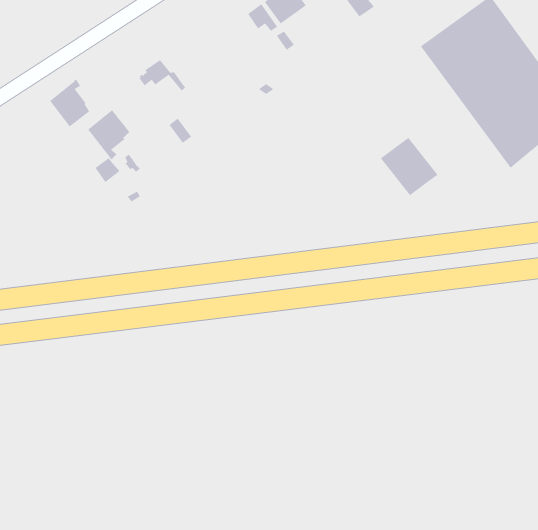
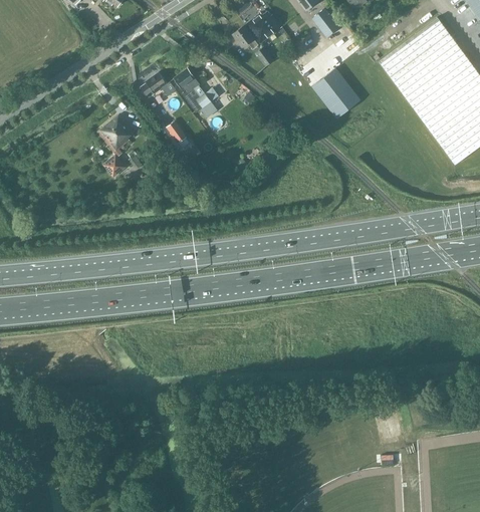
building: none -> [176,67,219,116]
building: [49,79,90,128] -> none
building: [380,137,438,196] -> [312,67,362,117]

